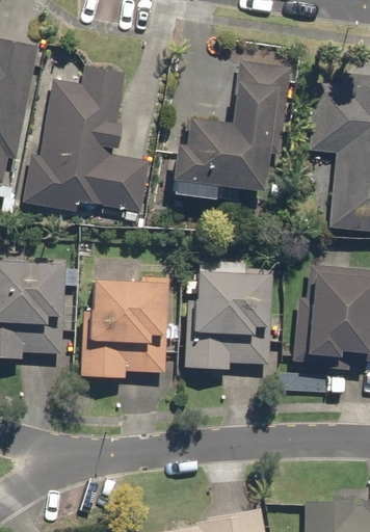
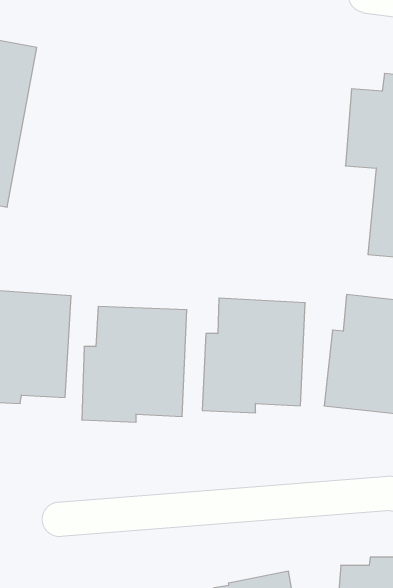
building: [173,61,291,202] -> none
building: [24,68,151,214] -> none

